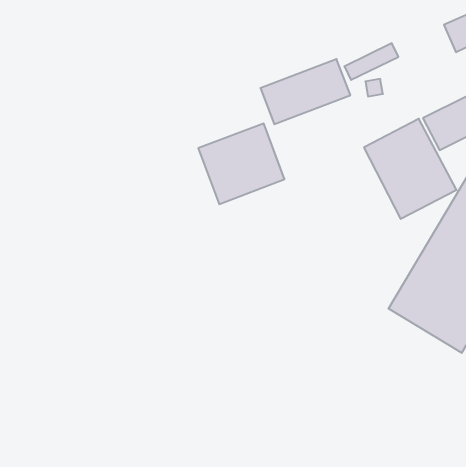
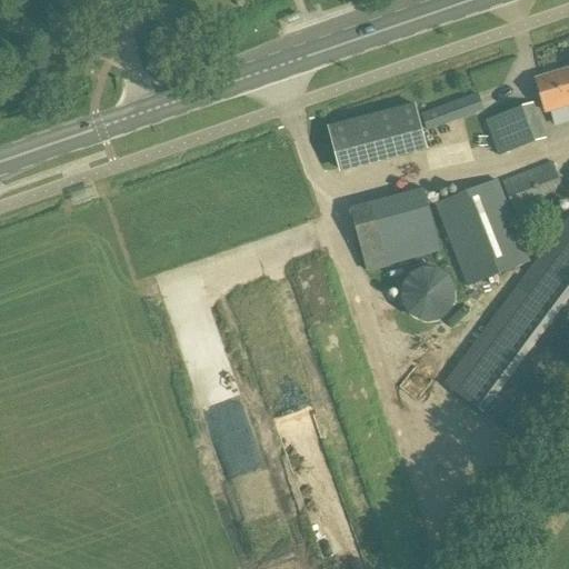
building: none -> [486,100,547,152]
building: [198,123,285,204] -> [350,186,441,269]
building: none -> [402,266,456,319]

